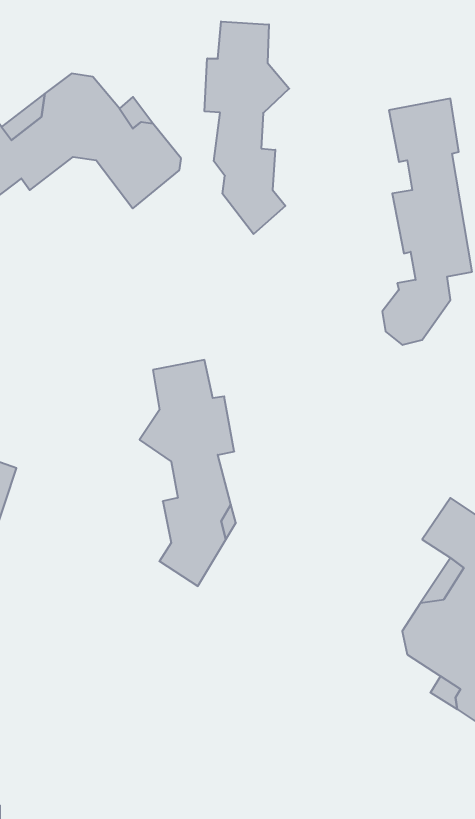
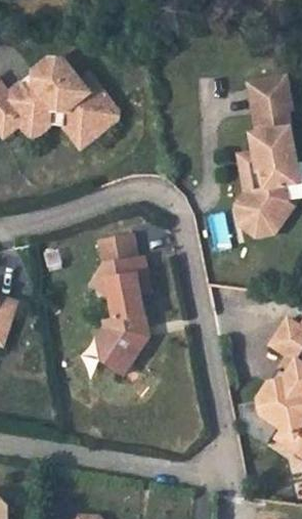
building: [205,21,289,234] -> none
building: none -> [25,110,88,147]

